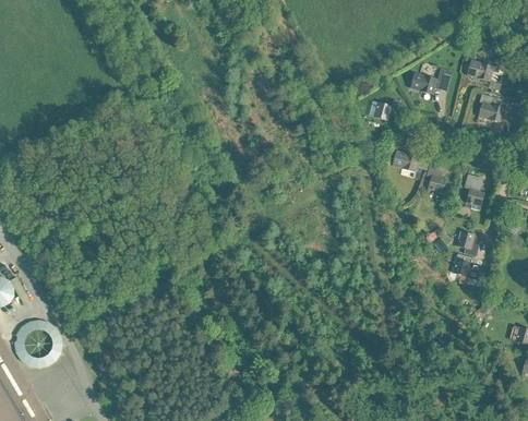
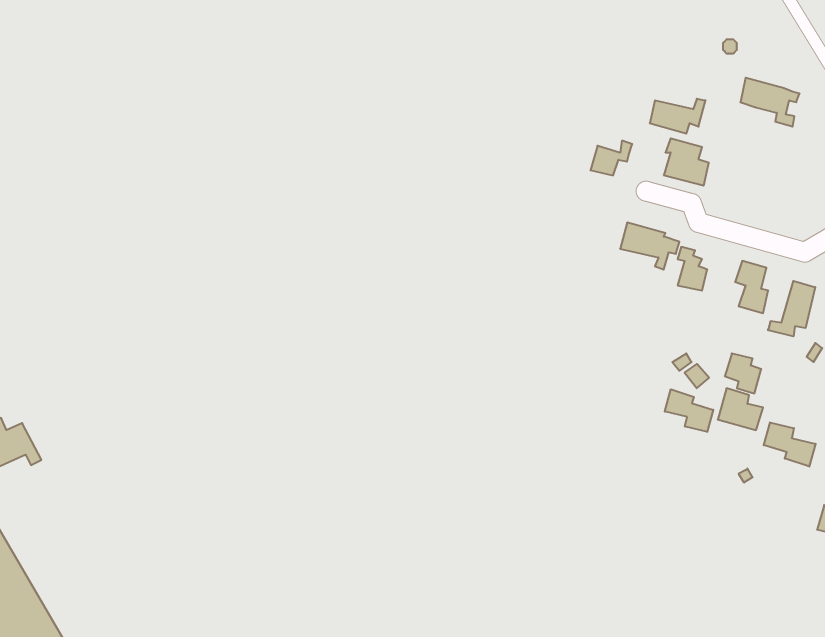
building: [477,94,505,123] -> [664,138,709,186]
building: none -> [768,281,815,336]
building: none -> [665,389,713,432]
building: none -> [764,422,816,467]

